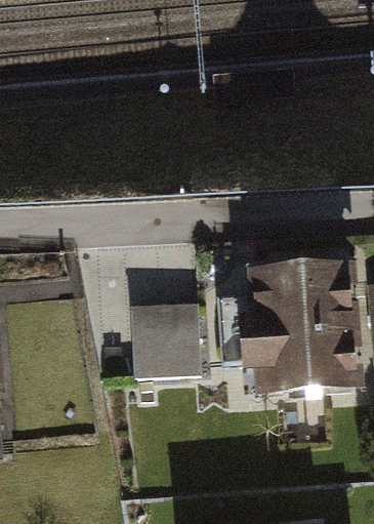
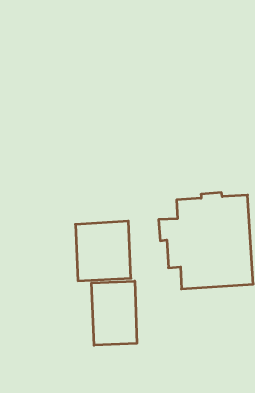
building: none -> [92,281,137,345]

